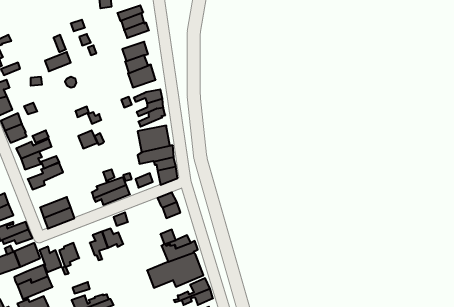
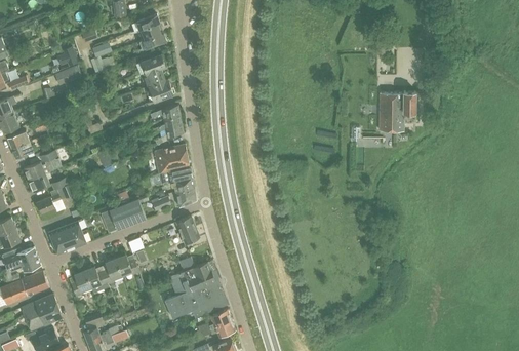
building: none -> [377,91,414,130]
building: [39,247,61,272] -> [84,266,108,294]

